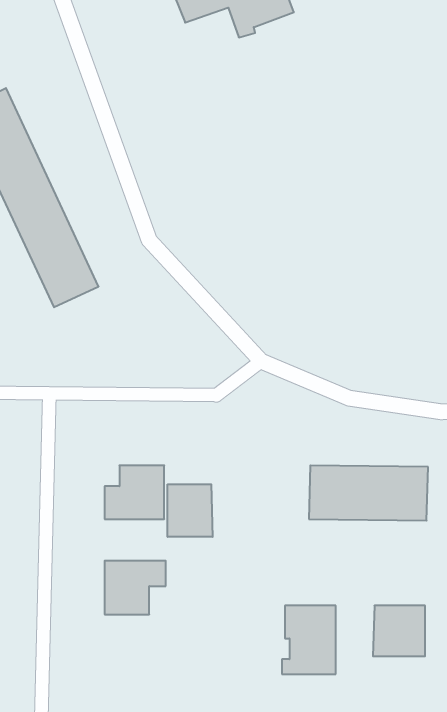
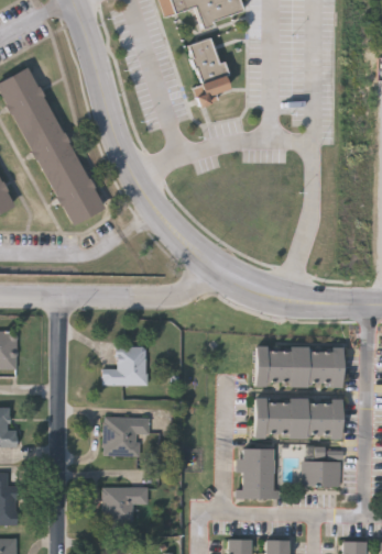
building: none -> [187,38,231,110]
building: [168,484,213,537] -> none
building: none -> [254,398,342,440]
building: none -> [103,487,149,522]

